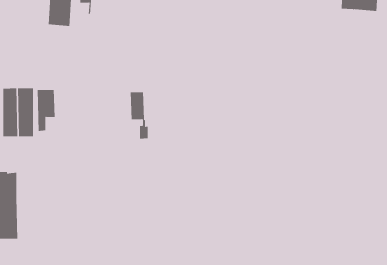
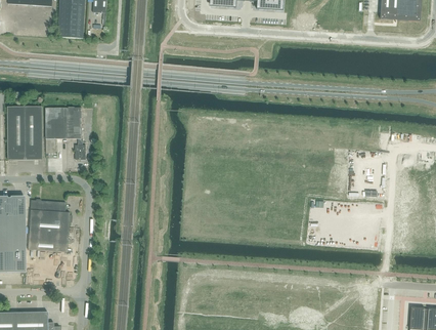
building: [130,92,149,139] -> [64,107,85,159]
building: none -> [27,199,69,251]

